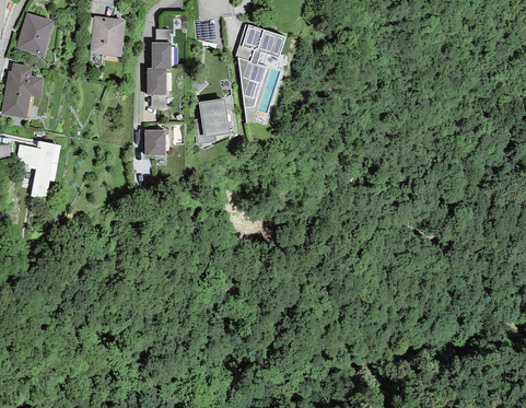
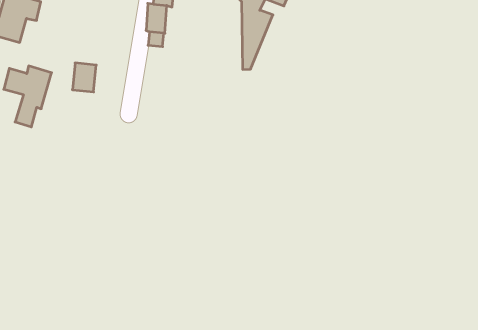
building: [194,97,231,143] -> none
building: [145,129,166,155] -> [72,63,96,92]

